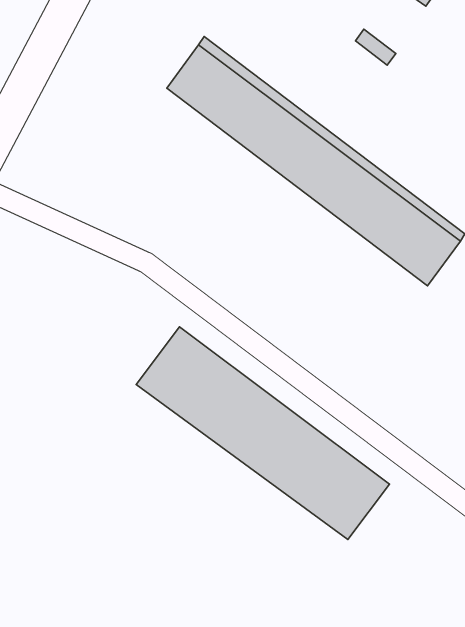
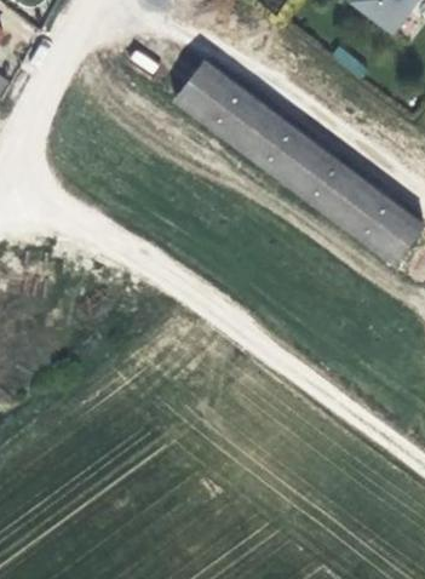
building: [136,327,389,539] -> none

